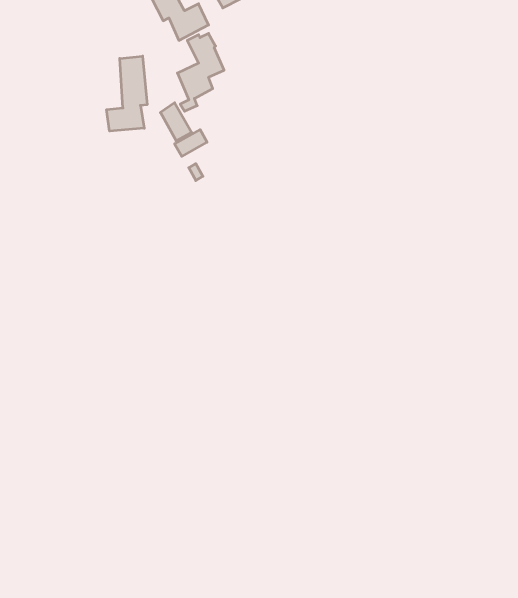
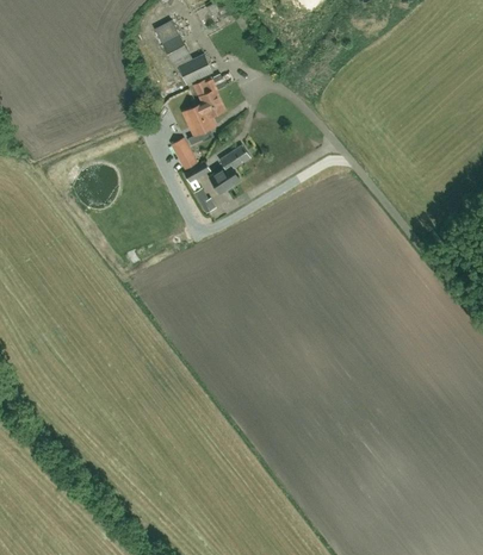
building: [107,56,147,131] -> none
building: none -> [210,145,250,193]

